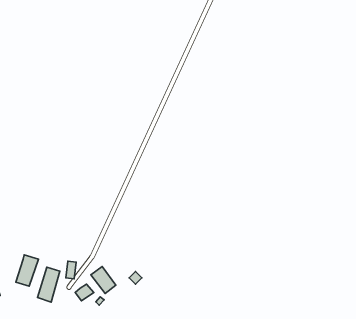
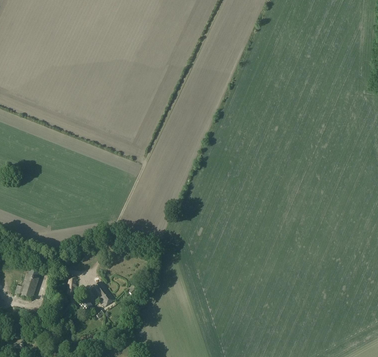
building: [37,267,60,302] -> none

